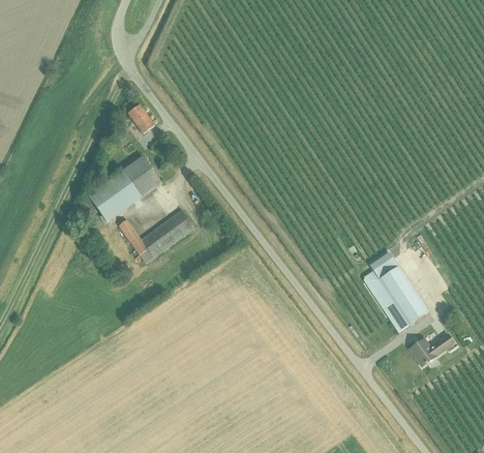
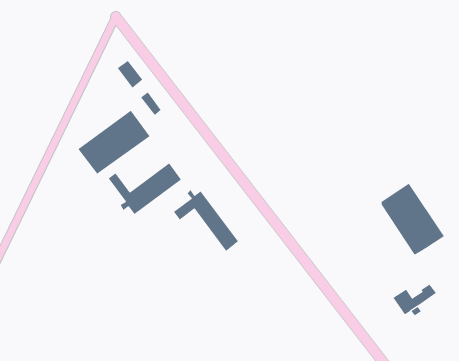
building: none -> [173,189,239,252]
building: [364,256,429,331] -> [381,183,445,256]

